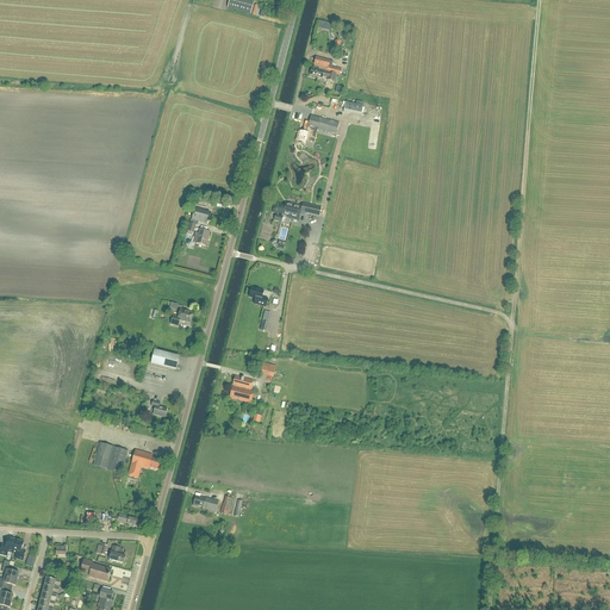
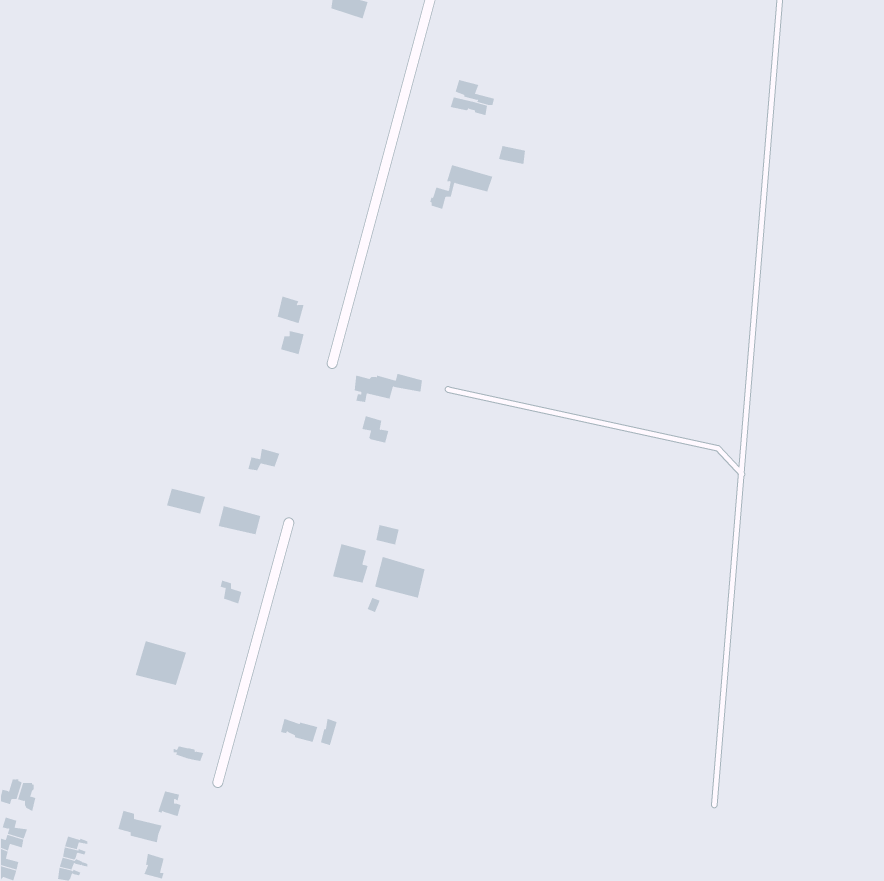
building: [273,200,320,220] -> [354,373,423,403]
building: none -> [375,556,425,599]
building: [127,448,162,477] -> none

